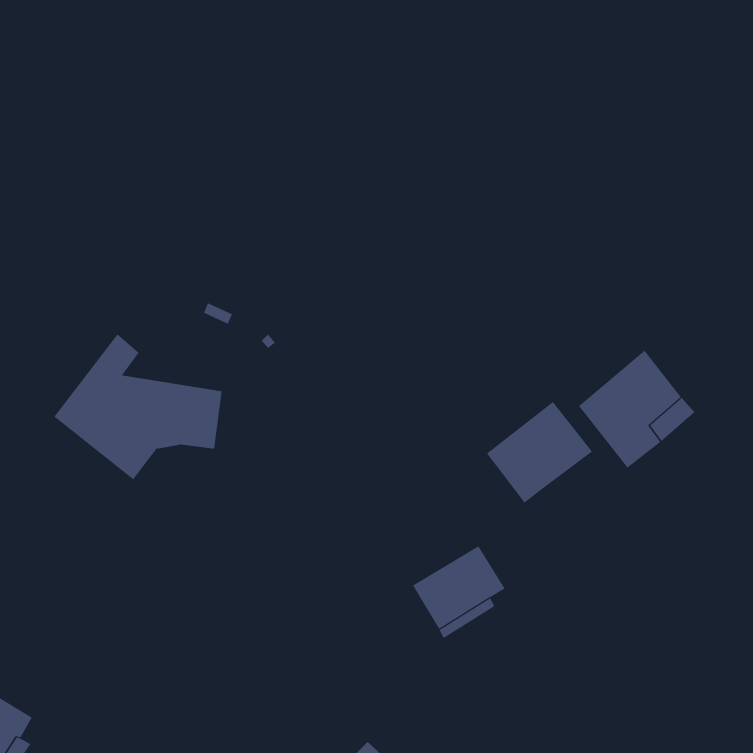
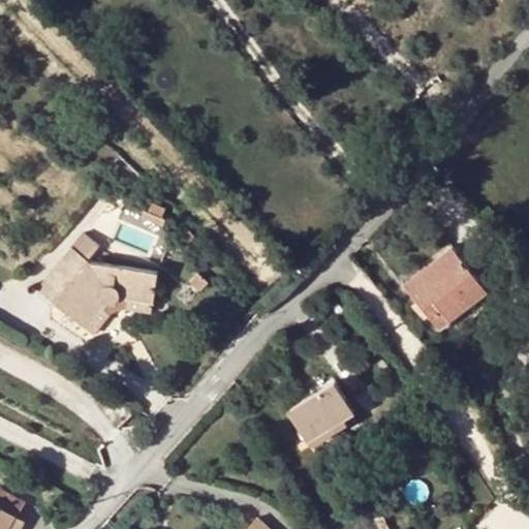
building: [486,401,593,503] -> none

